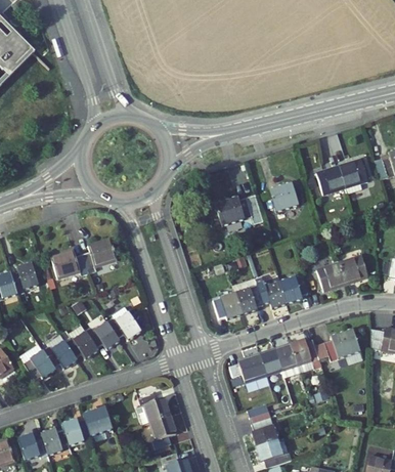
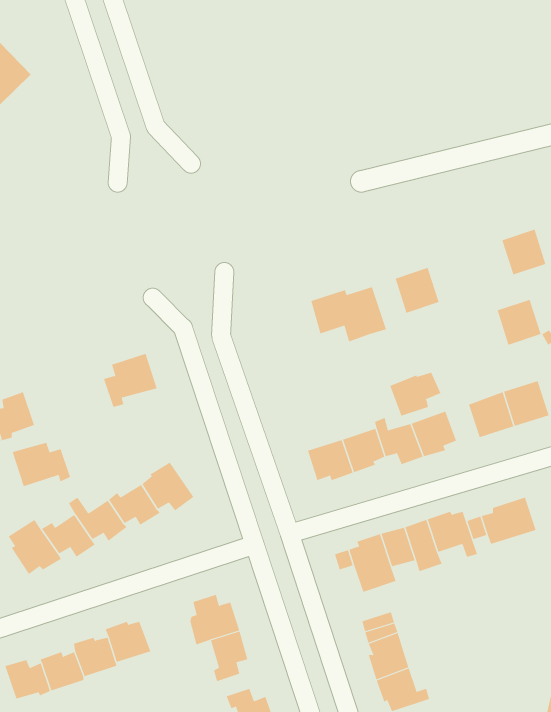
building: [316,164,345,194] -> [497,299,541,345]
building: none -> [390,372,441,417]
building: [50,249,88,277] -> [12,442,71,487]

